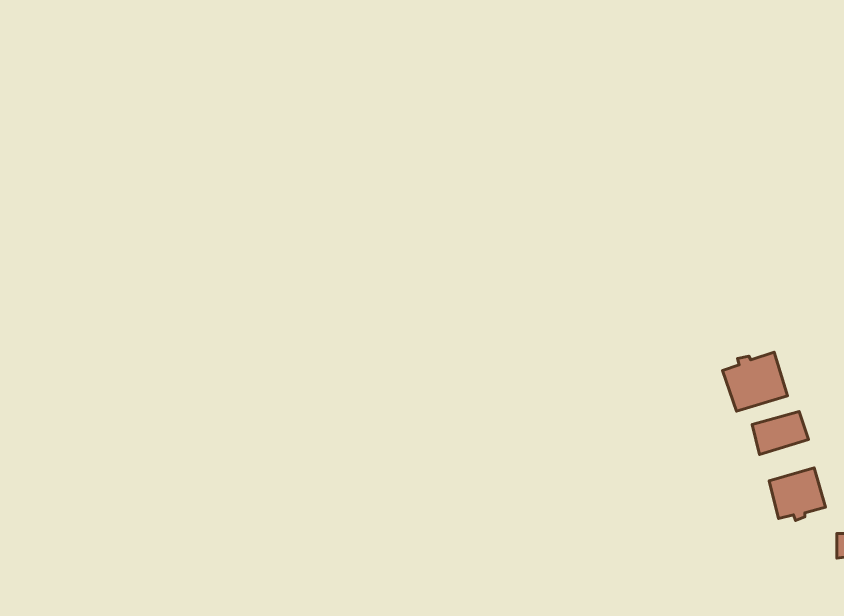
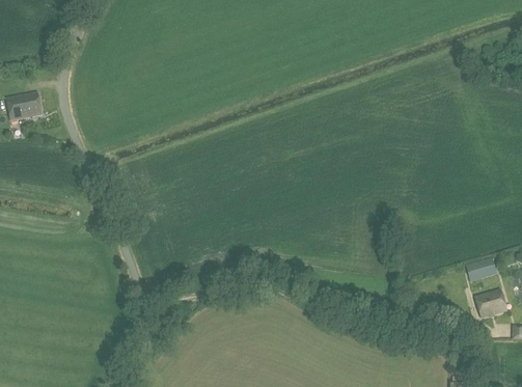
building: [723,352,787,411] -> none

